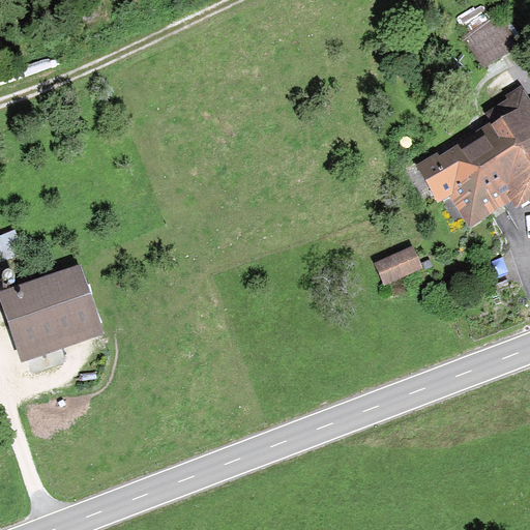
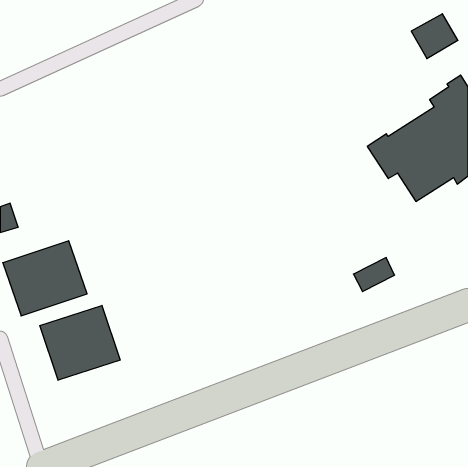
building: [376,246,422,285] -> [353,258,395,292]
building: none -> [40,305,120,380]

